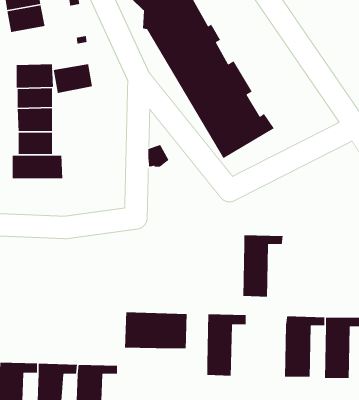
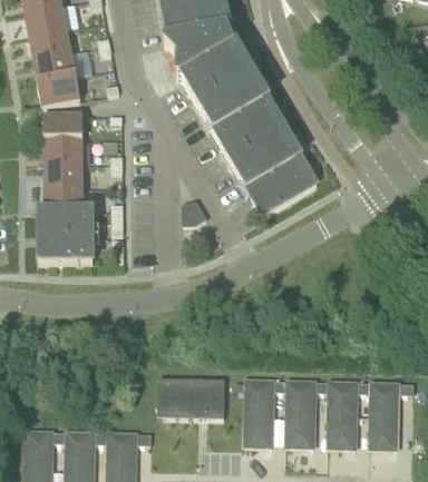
building: [53,63,94,94] -> [39,76,82,108]
building: none -> [40,237,95,263]
building: [243,234,284,298] -> [288,381,331,447]

